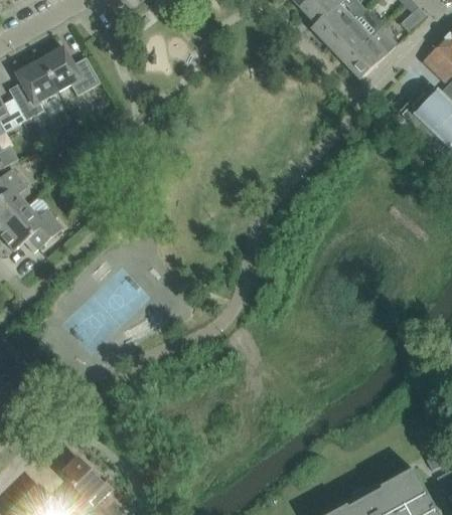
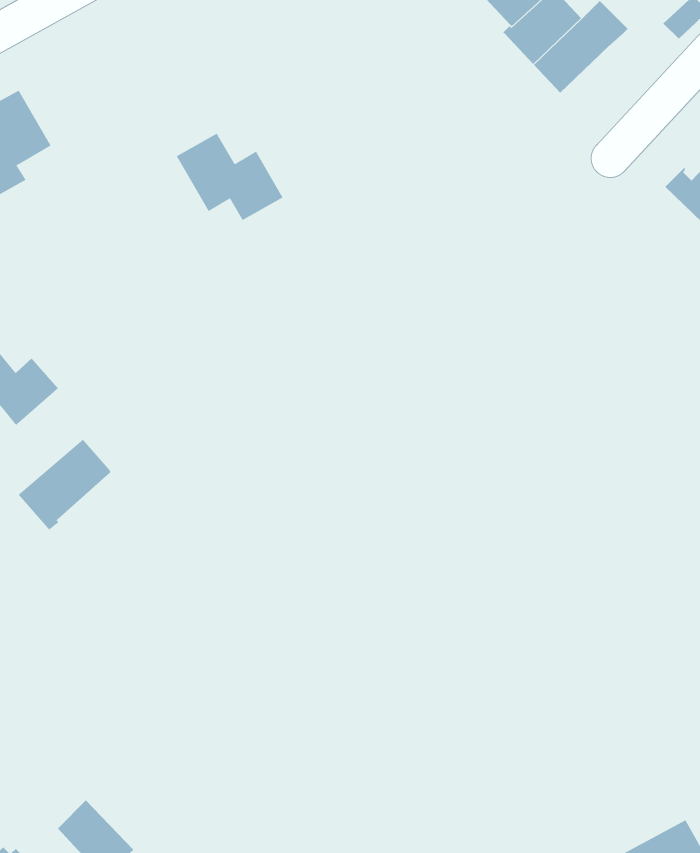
building: [342,28,395,78] -> none
building: [39,46,100,96] -> [176,133,284,221]
building: none -> [18,439,111,531]

